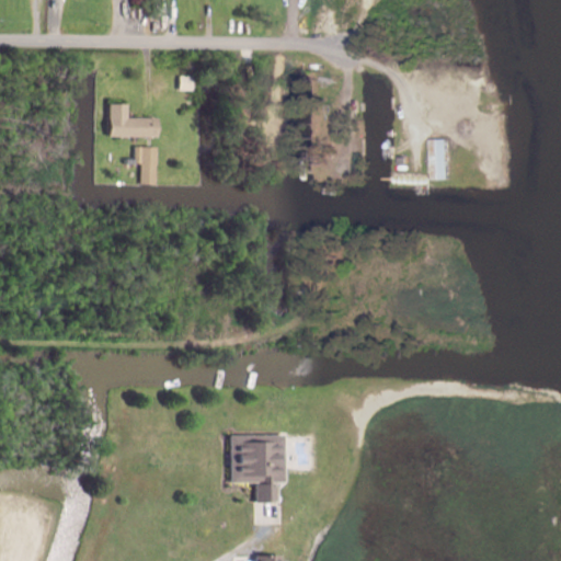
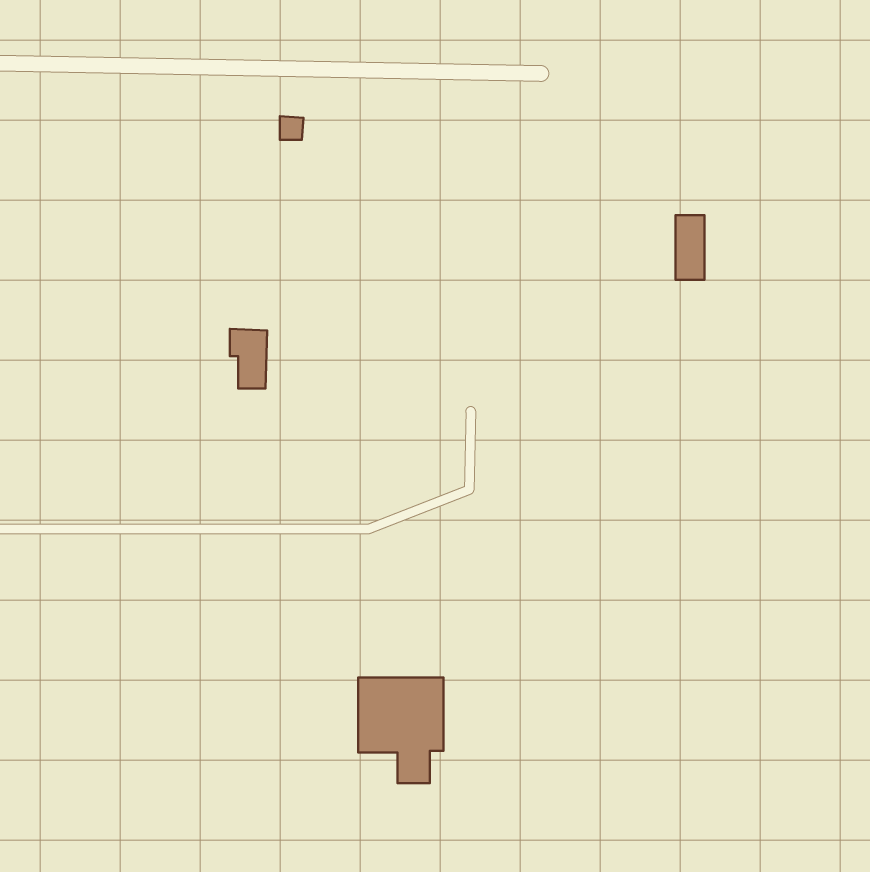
building: [107,103,159,137] -> none
building: [134,146,158,184] -> [230,329,267,389]

